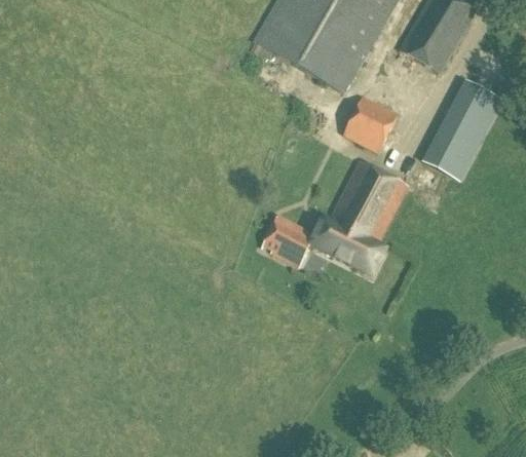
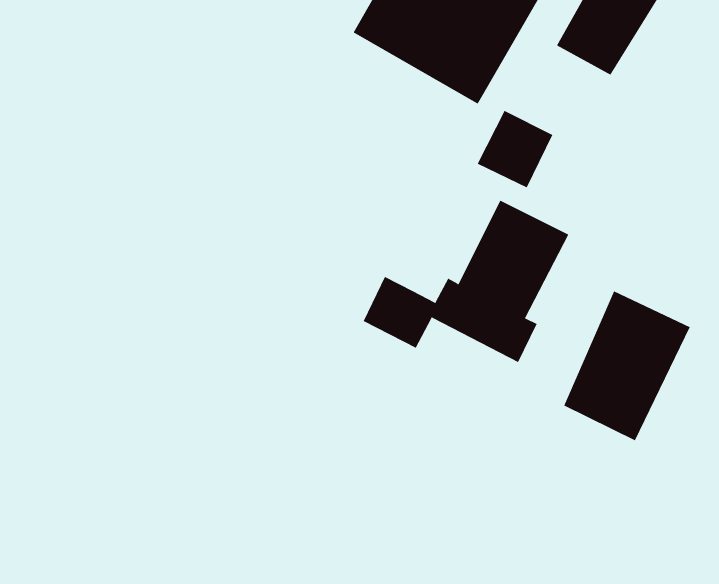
building: [422,81,502,182] -> none
building: none -> [564,291,690,441]

